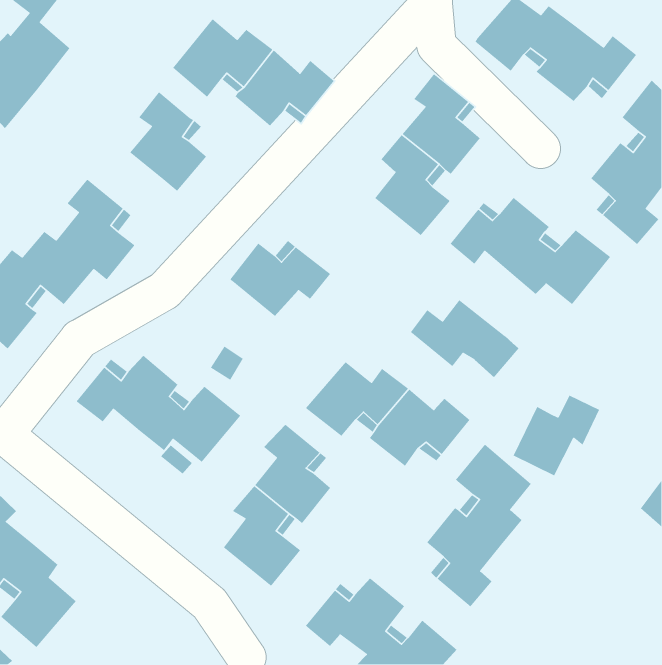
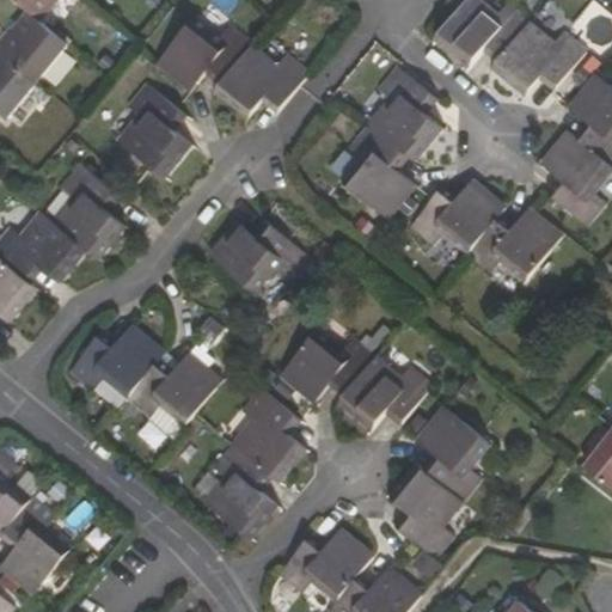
building: [410,299,520,378] -> none
building: [512,394,600,477] -> none

